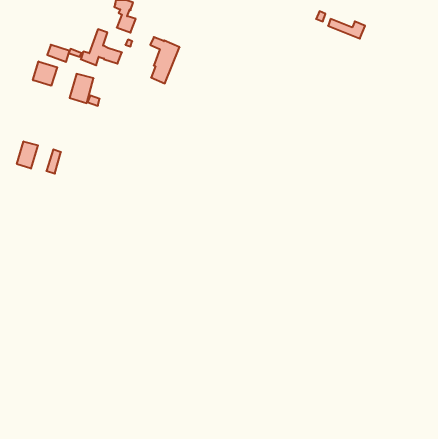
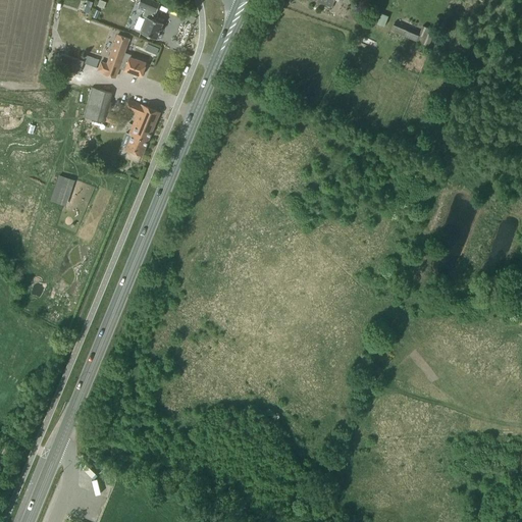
building: [150,37,180,83] -> [123,100,158,155]
building: [33,61,57,86] -> none
building: [17,141,38,169] -> none

